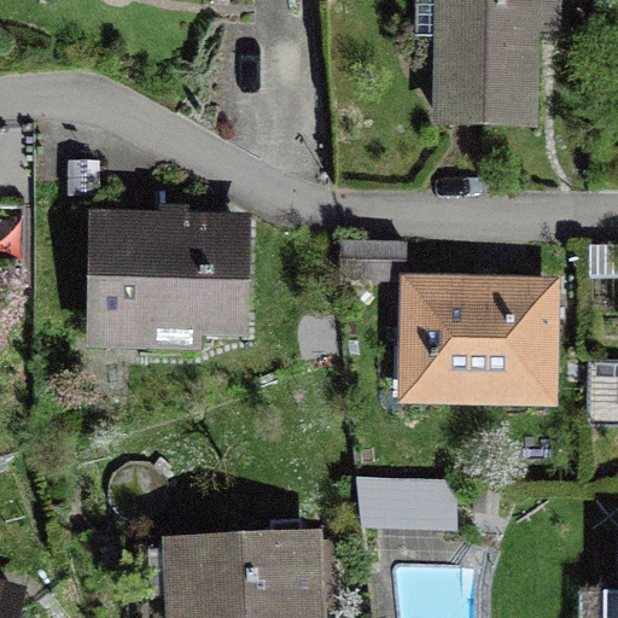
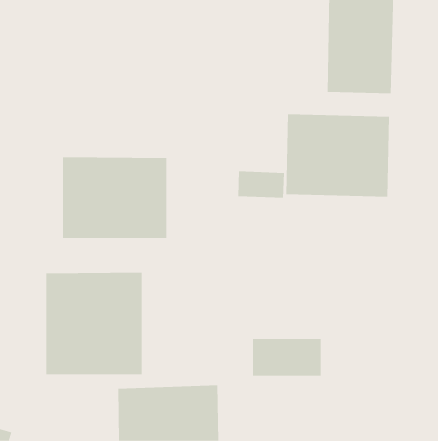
building: [419,292,562,407] -> [286,114,390,197]
building: none -> [46,272,142,375]

